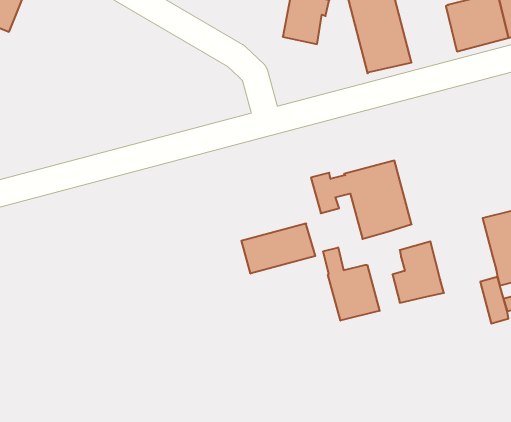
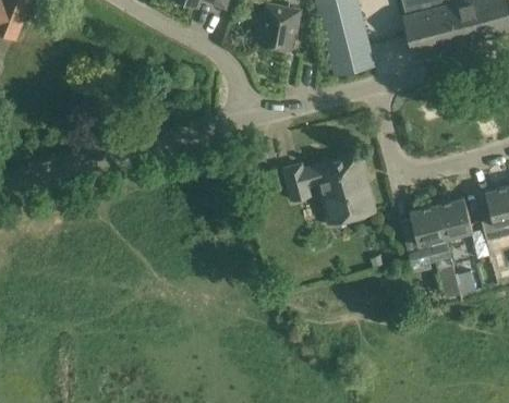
building: [241,223,315,274] -> none
building: [392,241,444,303] -> [403,204,449,258]
building: [323,247,380,321] -> none

